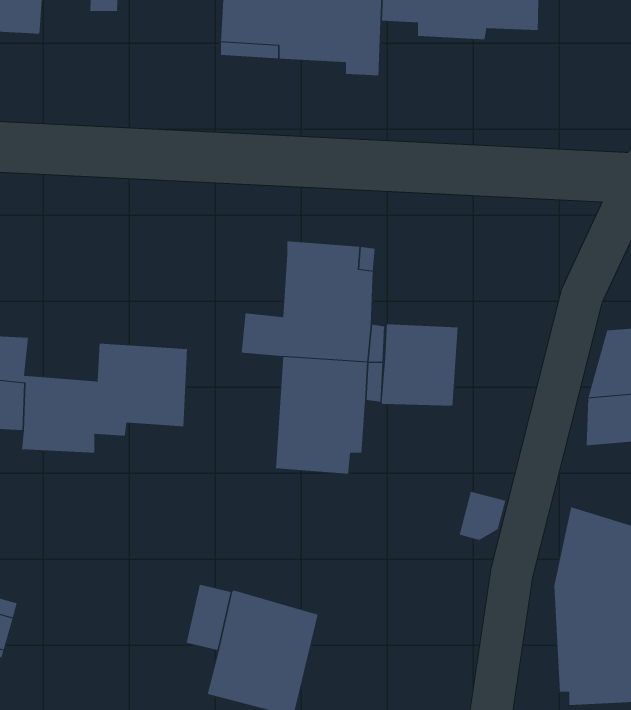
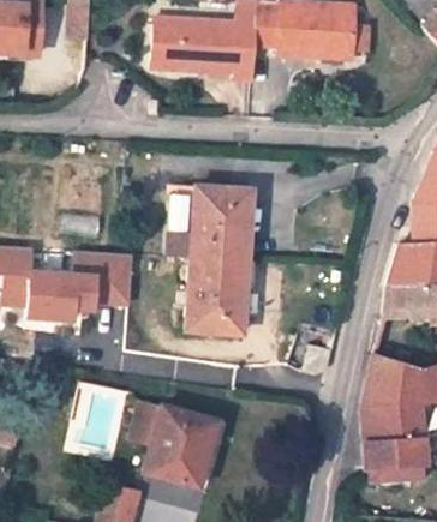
building: [381,323,458,406] -> none

